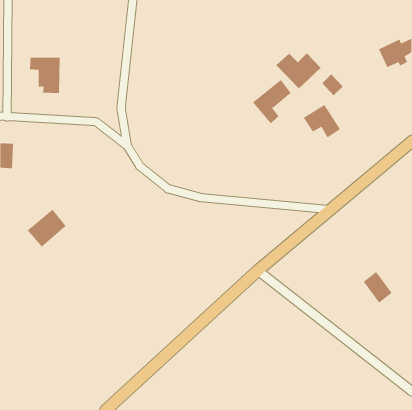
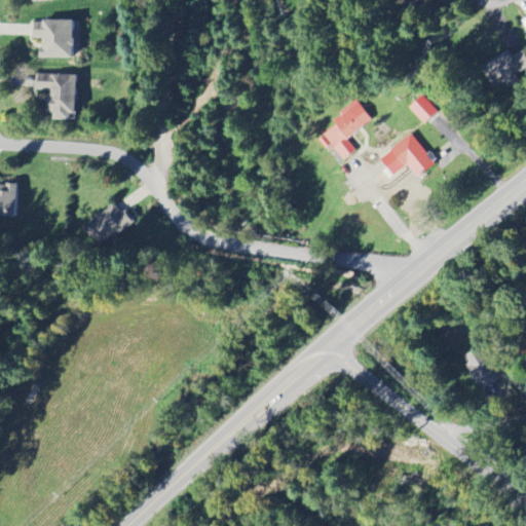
building: none -> [34,18,74,57]
building: [276,52,321,89] -> none
building: [27,209,66,248] -> [82,199,133,249]

